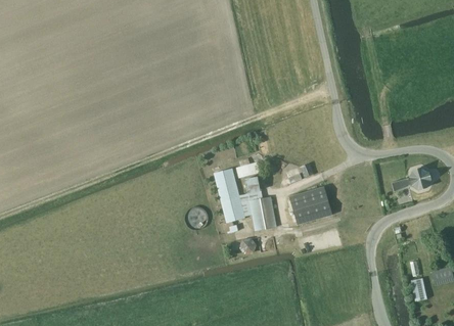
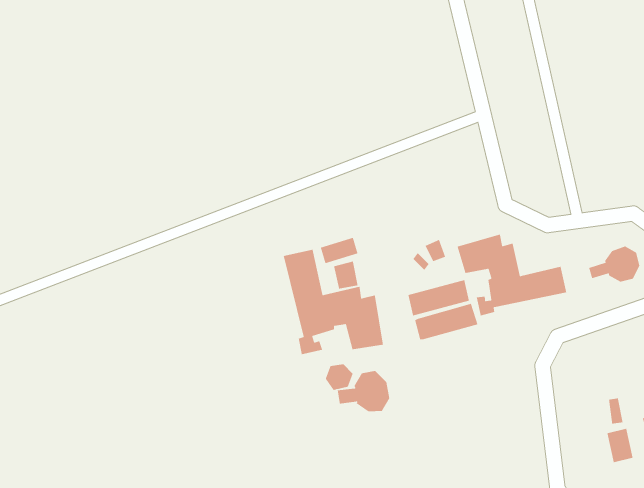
building: none -> [457,233,567,316]
building: none -> [337,370,390,412]

